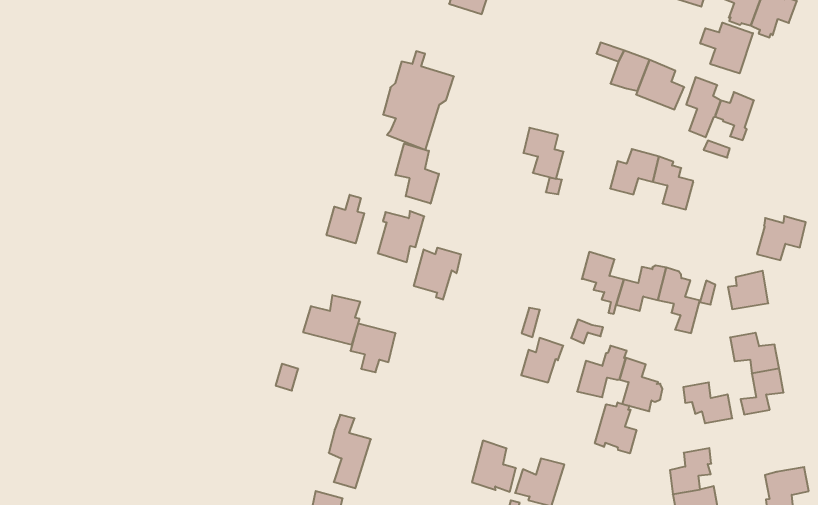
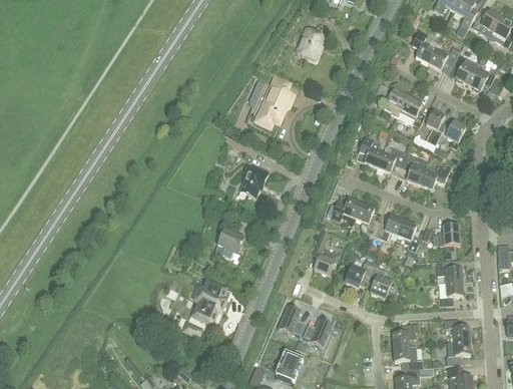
building: [700,23,753,73] -> none
building: [523,128,564,179] -> [359,136,382,167]
building: [395,144,439,204] -> none
building: [327,195,364,243] -> none
building: [757,216,806,260] -> [418,164,448,189]
building: none -> [330,198,360,225]
building: [414,248,461,300] -> none
building: [303,295,360,345] -> none
building: [683,382,732,423] -> [443,318,469,341]
building: [595,402,636,453] -> none

